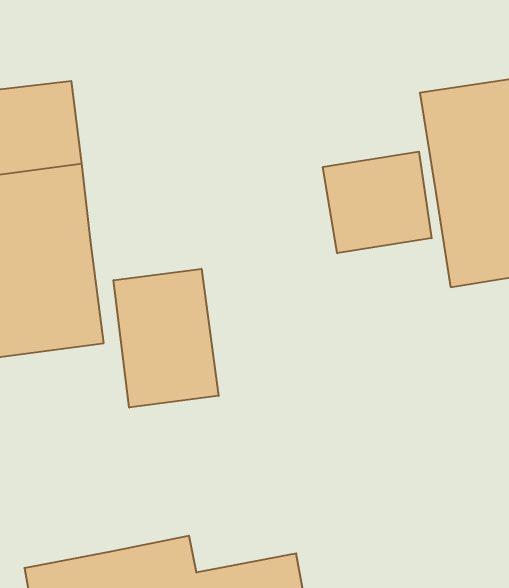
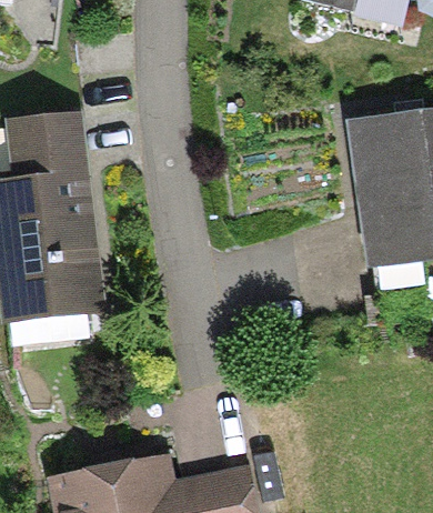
building: [323,152,432,253] -> none
building: [114,269,219,408] -> none

